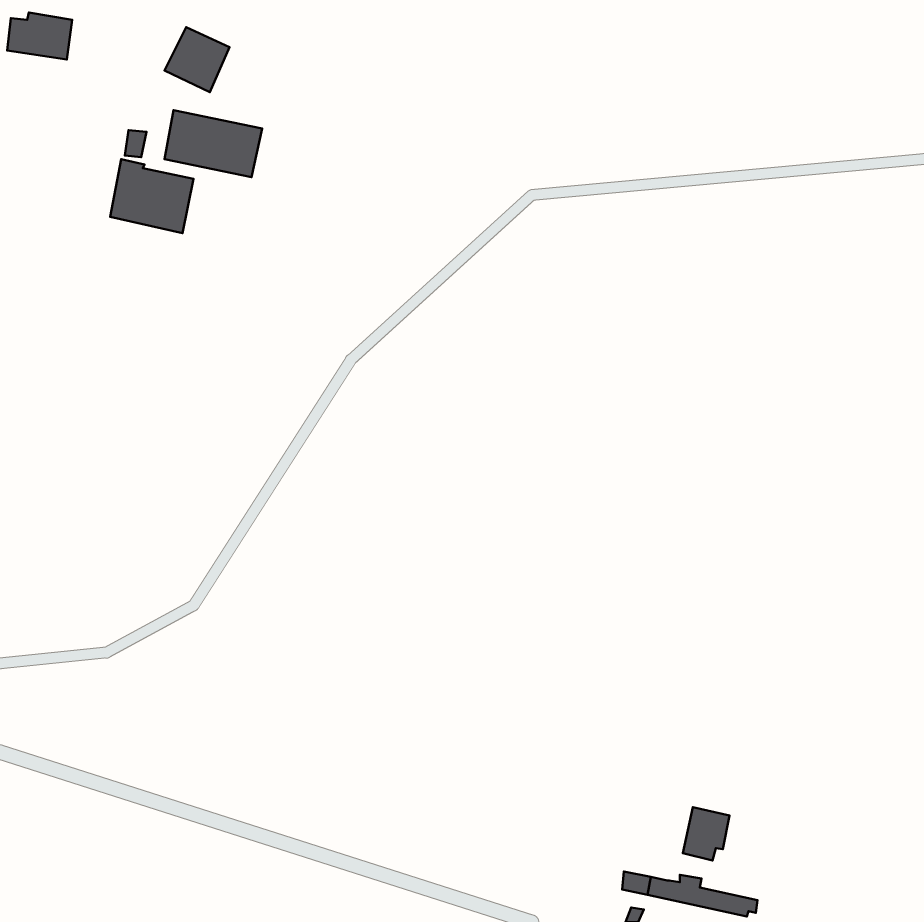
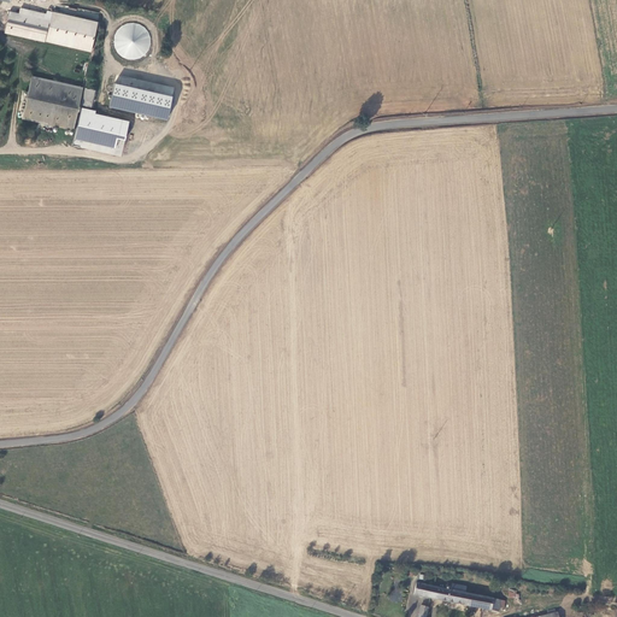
building: none -> [47,11,98,48]
building: none -> [24,77,83,129]
building: [683,807,729,861] -> none

